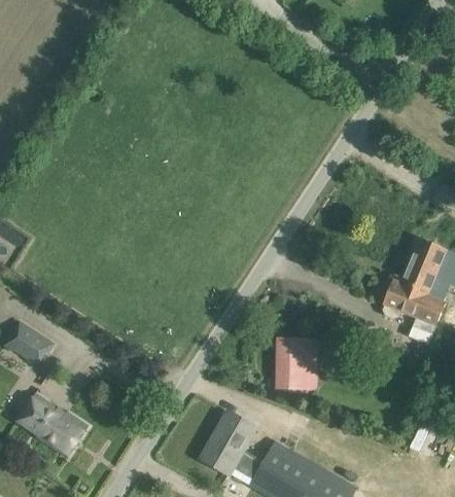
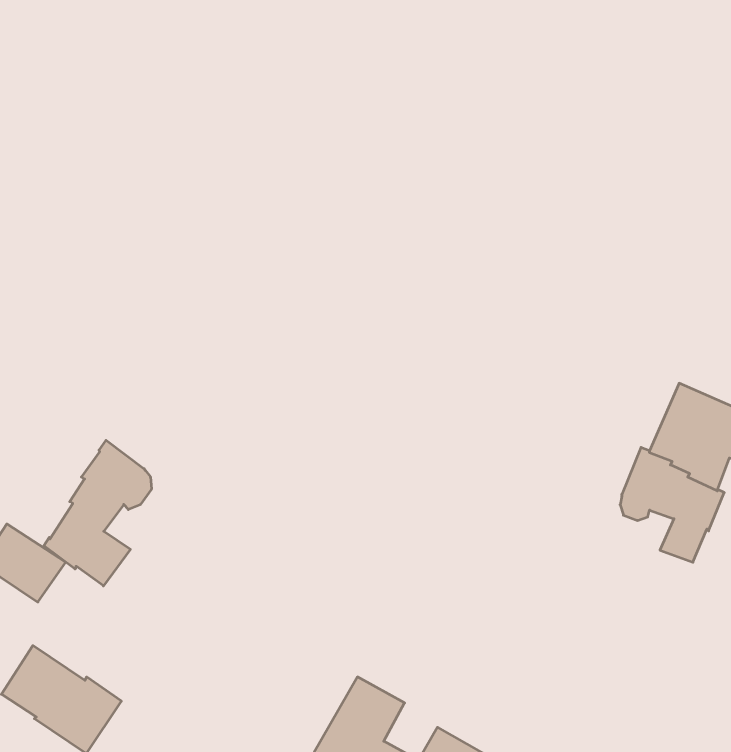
building: none -> [44,440,151,586]
building: [277,339,317,389] -> none

